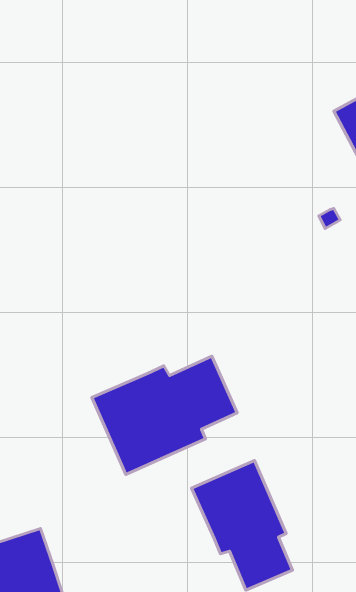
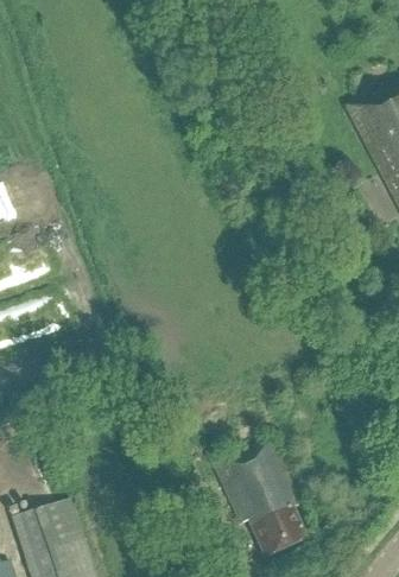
building: [92,356,237,475] -> none

